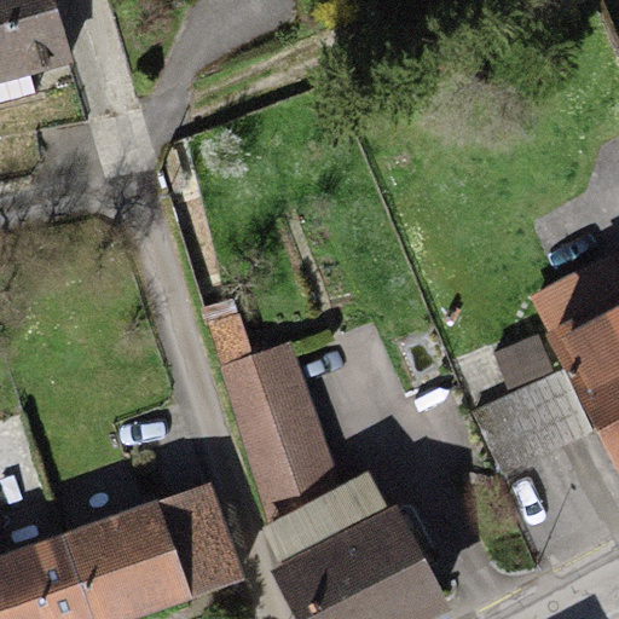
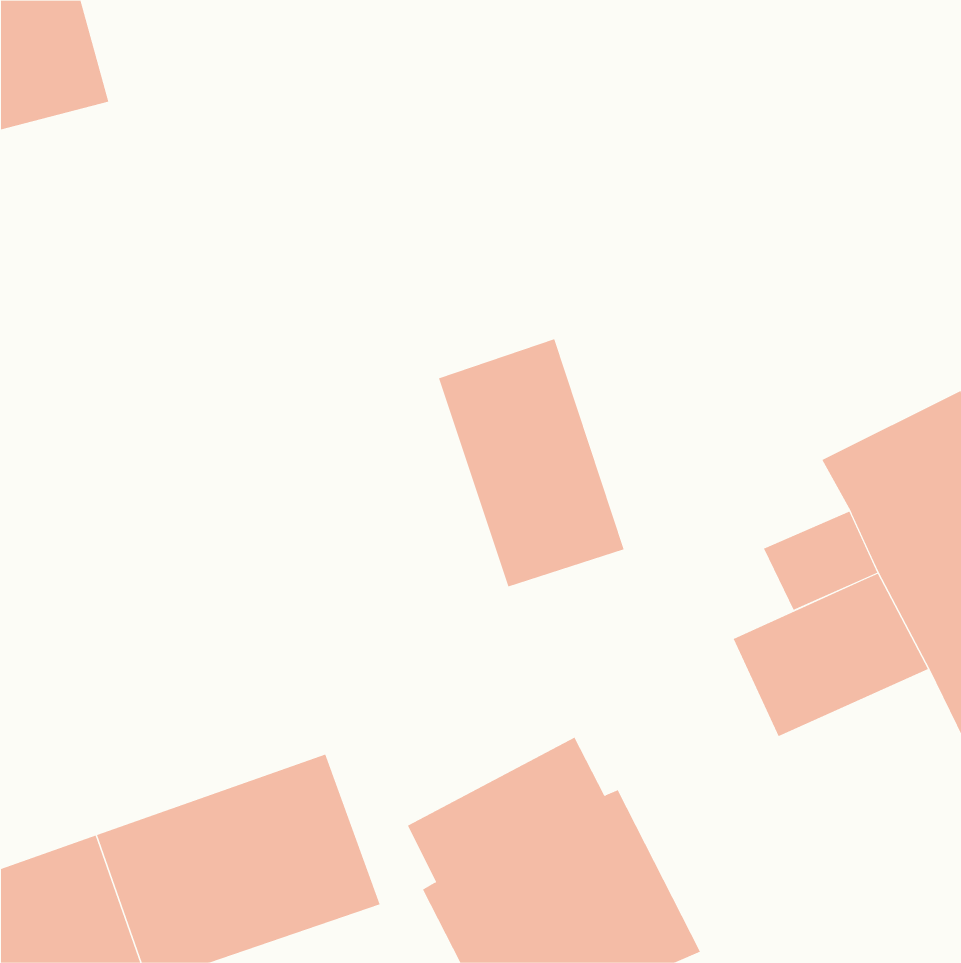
building: [218,342,337,502] -> [438,339,625,587]

